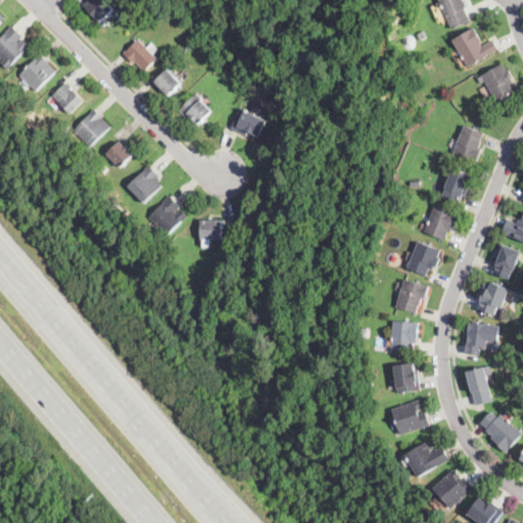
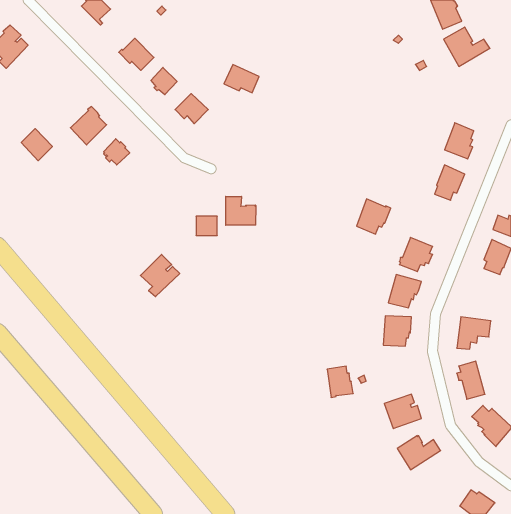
building: [17,53,55,92] -> none
building: [475,64,512,101] -> none
building: [51,82,83,114] -> [21,129,52,161]
building: [229,108,265,137] -> [224,65,259,93]
building: [127,164,161,203] -> none
building: [147,196,187,239] -> [140,254,180,297]
building: none -> [226,196,256,225]
building: [423,204,458,240] -> [357,199,391,234]
building: [476,282,509,316] -> none
building: [392,363,419,394] -> [327,366,353,397]
building: [432,469,473,509] -> none

